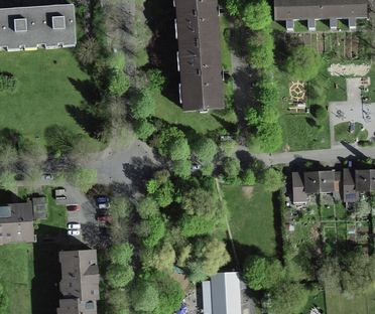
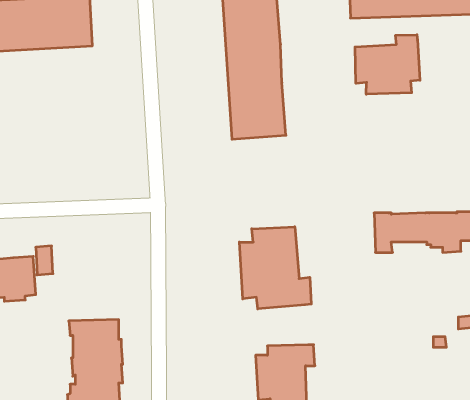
building: none -> [355,35,420,94]
building: none -> [239,227,311,309]

